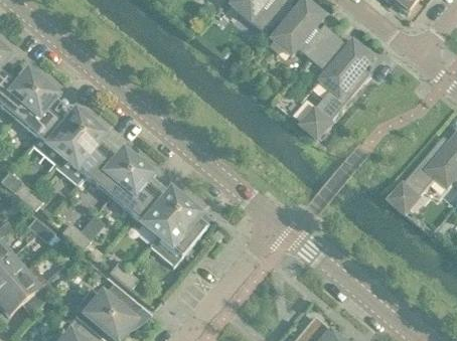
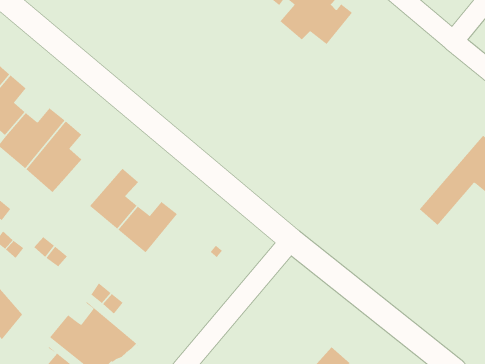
building: [299,30,371,136] -> none
building: [86,150,137,194] -> none
building: [149,201,199,265] -> none

